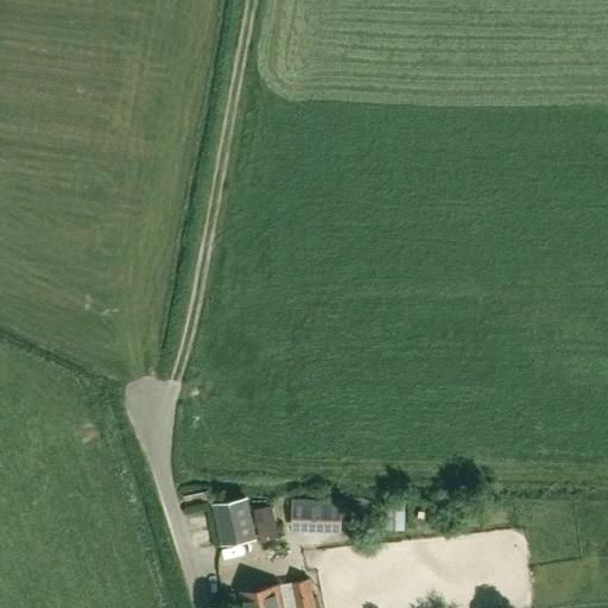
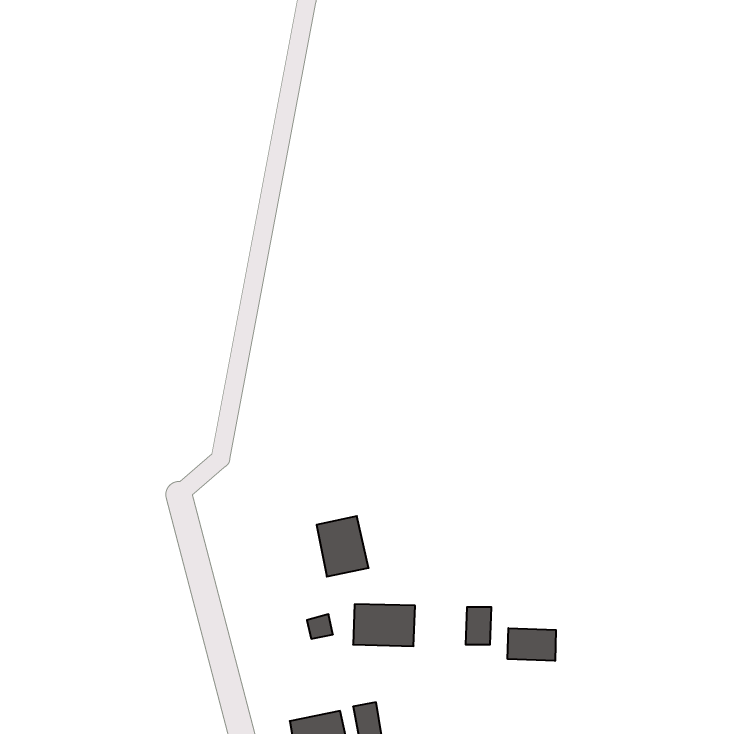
building: [213,498,255,547] -> [317,516,369,577]
building: none -> [508,628,556,661]

